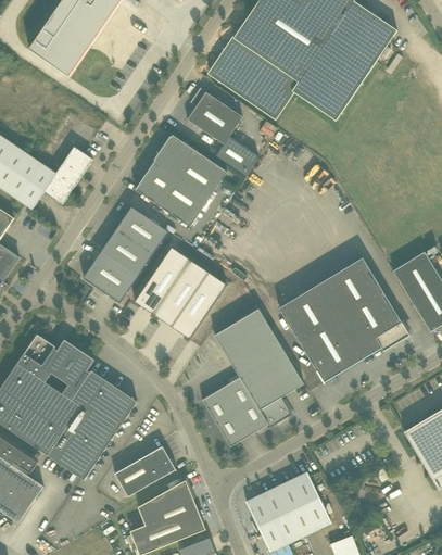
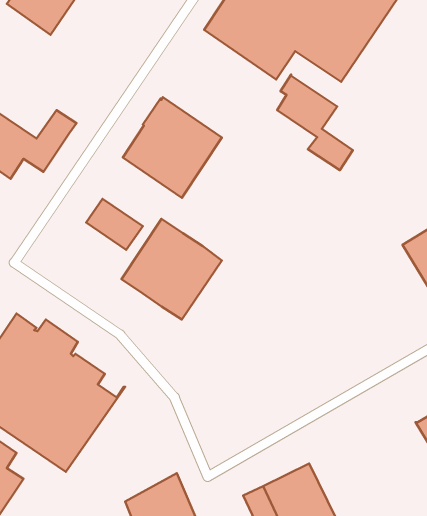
building: [187,87,256,175] -> [277,75,353,170]
building: [116,206,167,253] -> none
building: [83,250,138,303] -> none
building: [278,257,409,383] -> none
building: [202,308,303,446] -> none
building: [114,445,176,496] -> none

